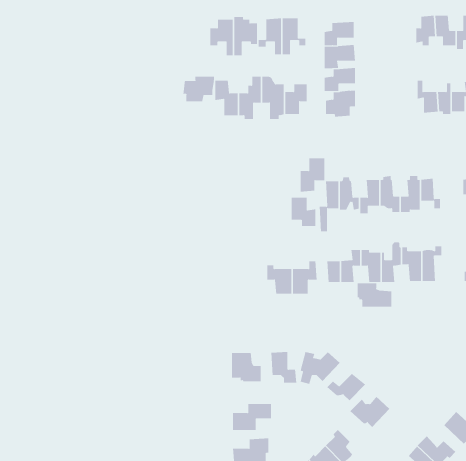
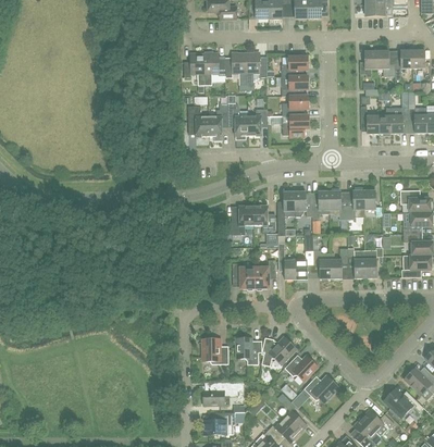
building: [183,76,214,102] -> none
building: [300,158,325,192] -> [231,206,252,235]
building: [357,283,392,307] -> none

